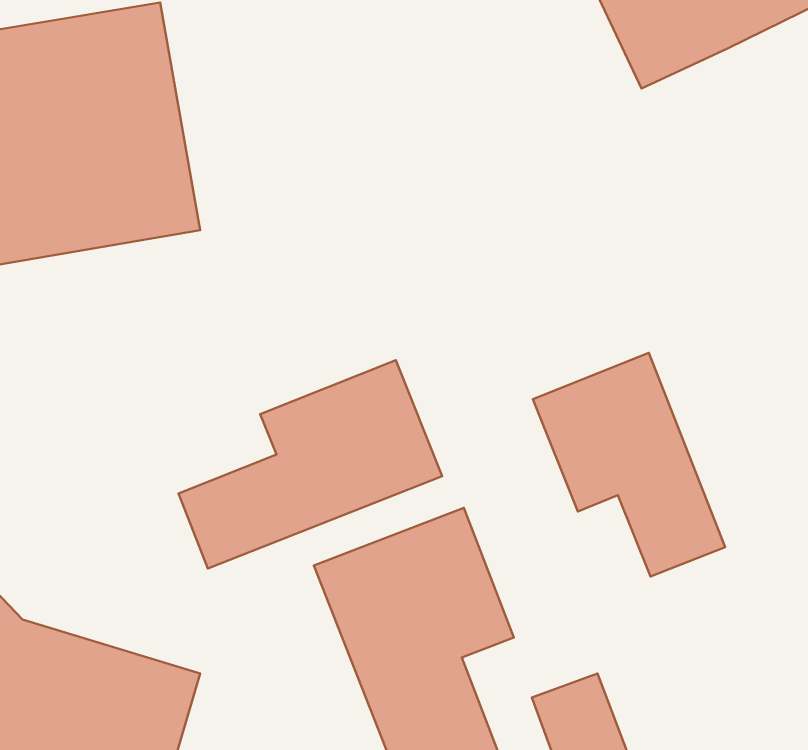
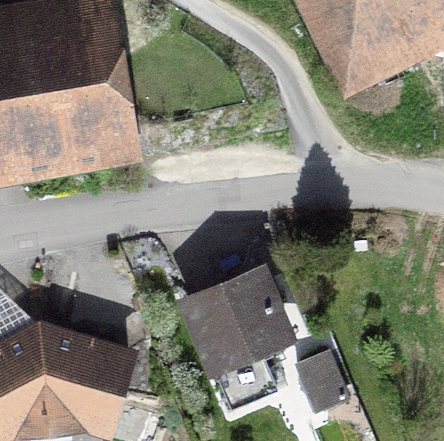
building: [533,353,725,576] -> none
building: [179,360,442,568] -> none

